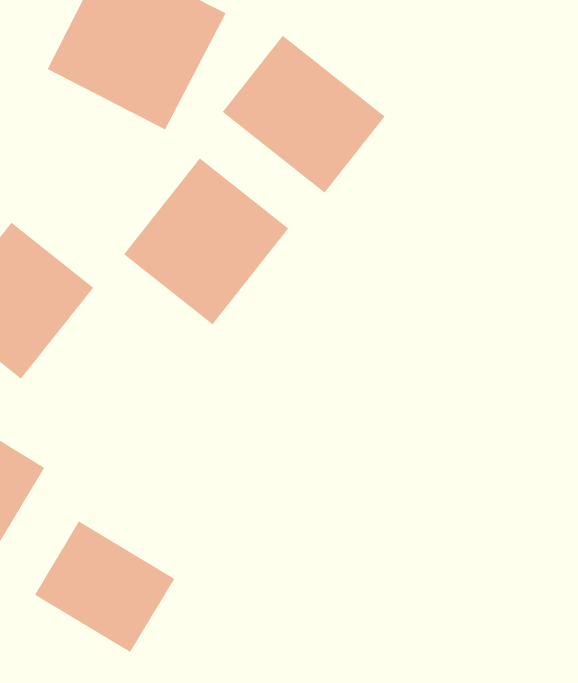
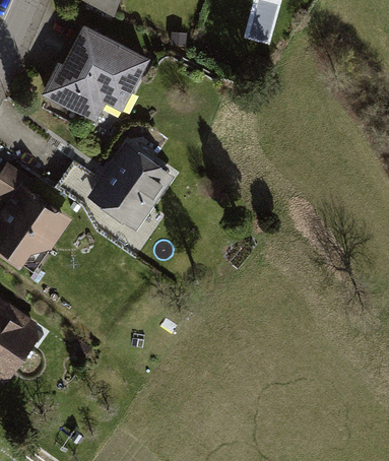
building: [222,35,386,193] -> none
building: [34,521,175,653] -> none

